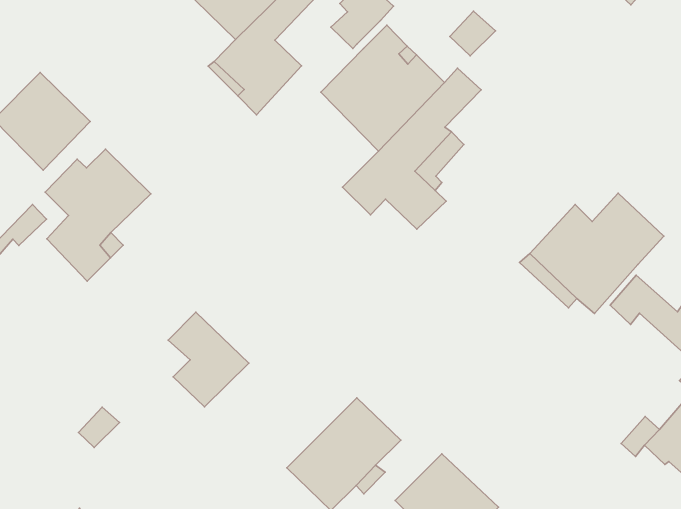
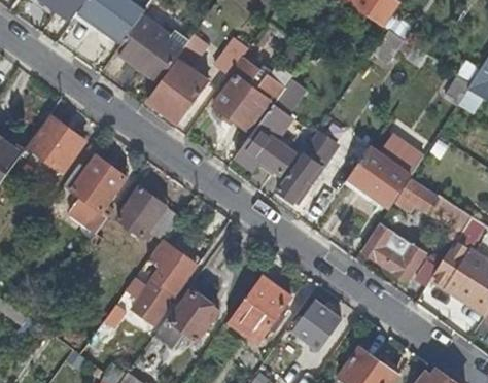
building: none -> [277,130,337,200]
building: none -> [117,186,180,240]
building: none -> [361,221,425,279]
building: none -> [134,279,175,323]
building: none -> [169,289,220,341]

